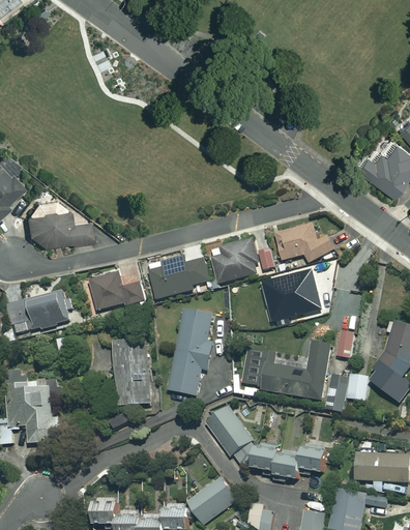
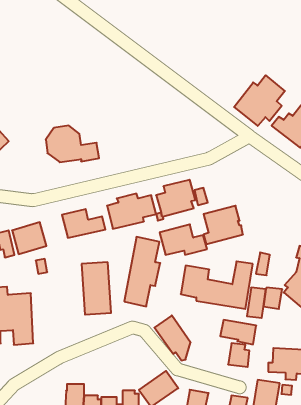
building: none -> [234,75,285,126]
building: [25,200,92,246] -> [46,126,99,162]
building: [275,224,335,262] -> [160,224,207,255]
building: [253,448,298,479] -> [220,320,256,344]

